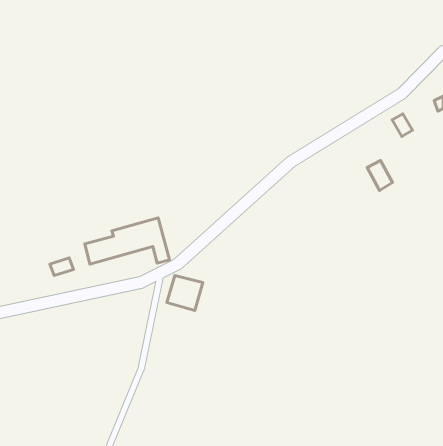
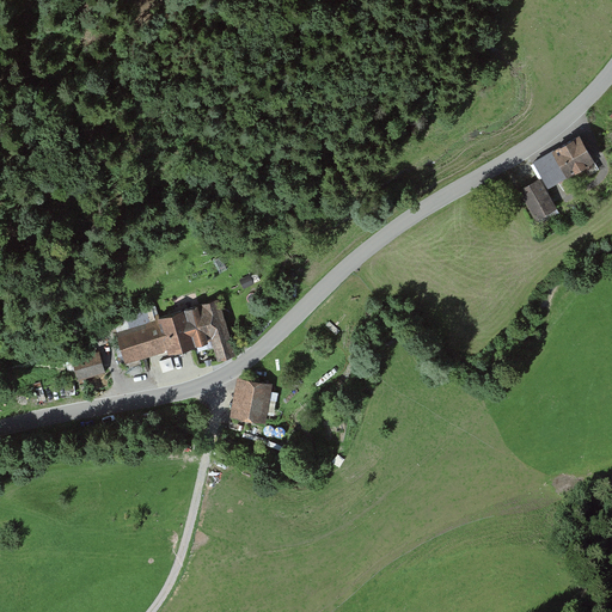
building: none -> [559,135,600,175]
building: [367,161,393,190] -> [520,182,555,222]

